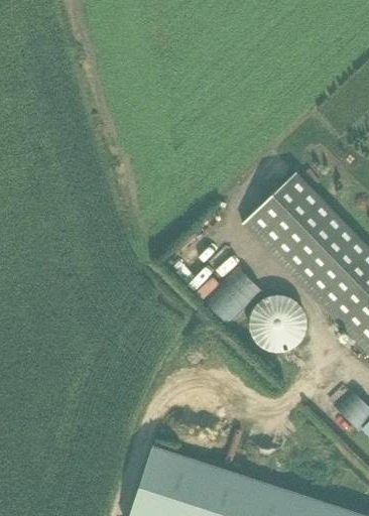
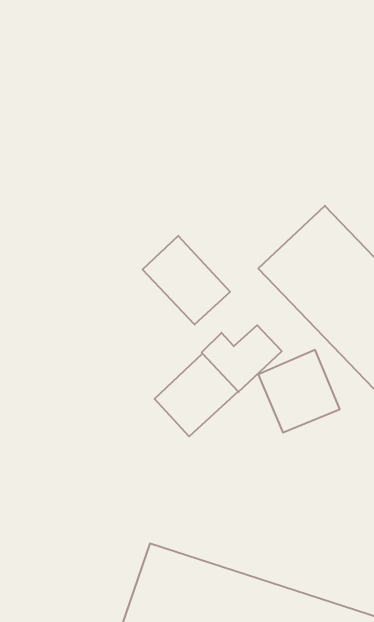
building: none -> [143,236,230,325]
building: none -> [155,354,238,436]

